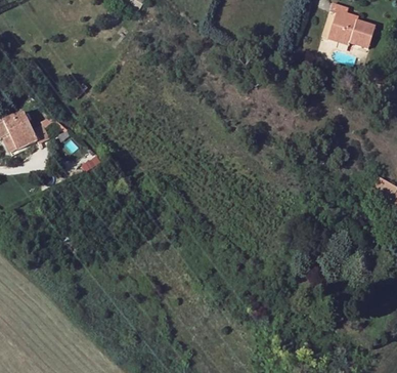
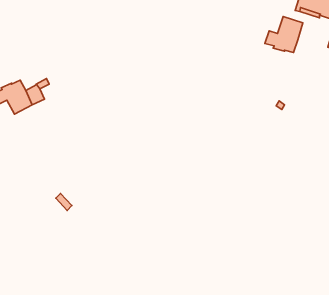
building: none -> [265,16,303,52]

